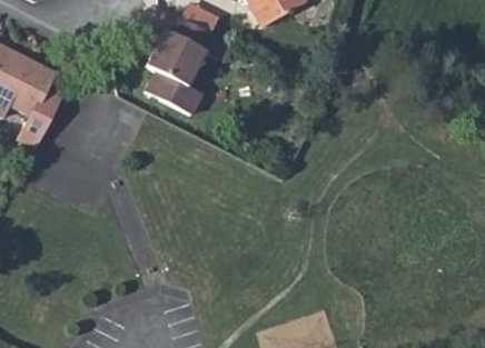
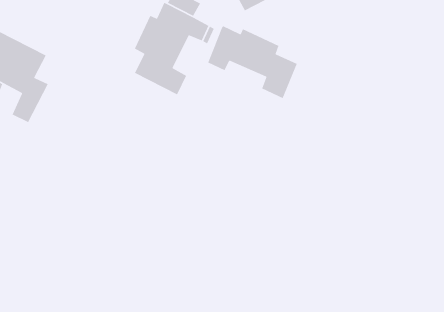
building: none -> [207,25,298,99]

